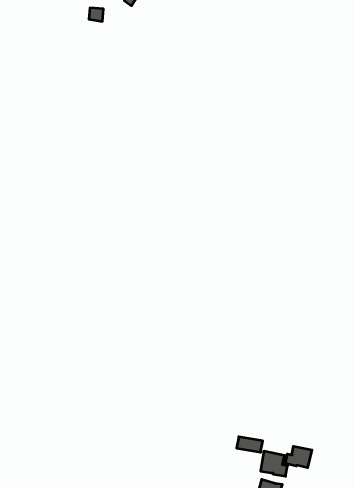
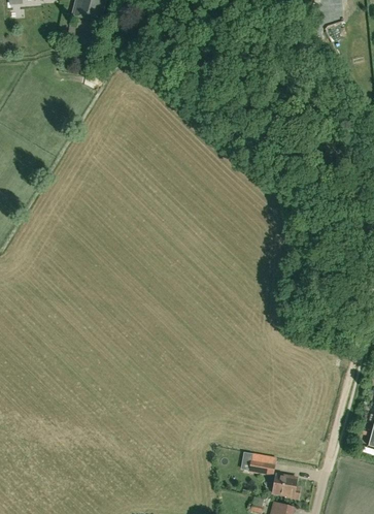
building: [285,446,312,468] -> none

